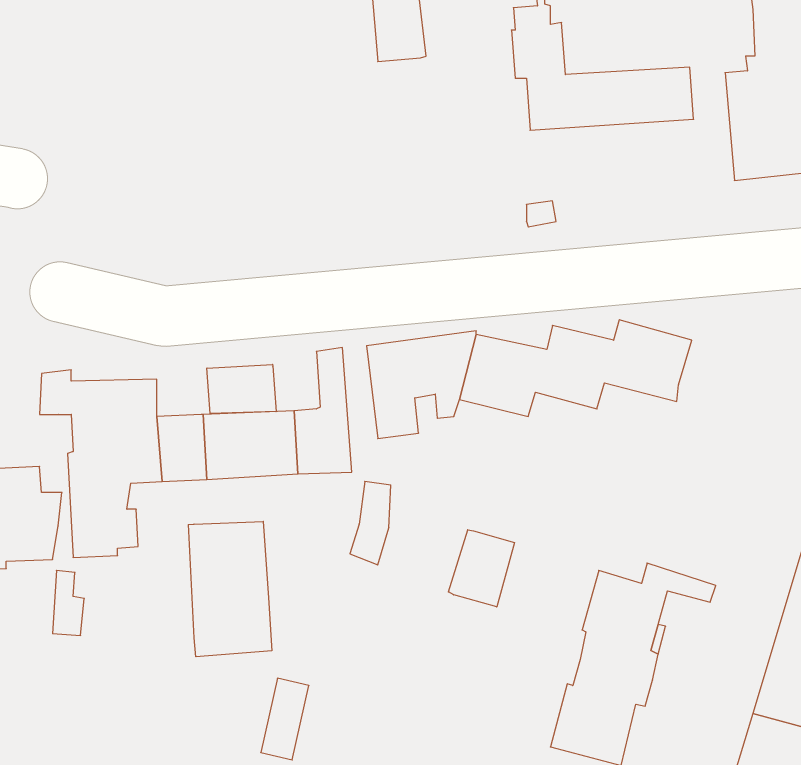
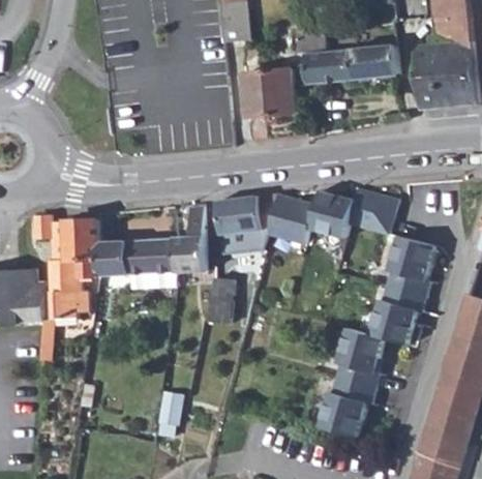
building: none -> [240,68,294,120]
building: [207,364,276,413] -> none
building: none -> [372,236,434,336]
building: [188,521,272,657] -> none
building: [448,530,515,607] -> none

